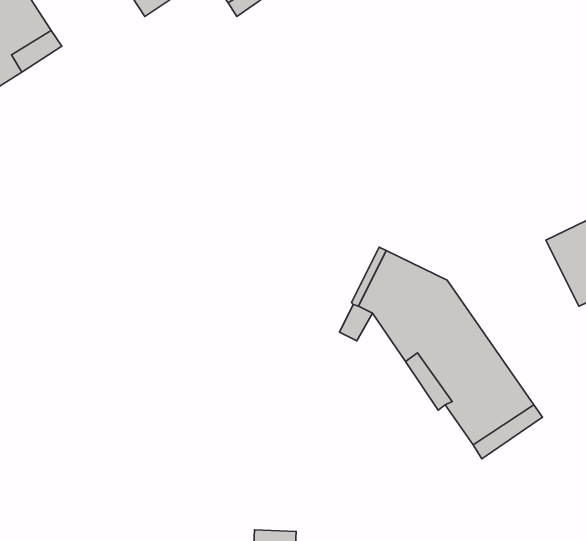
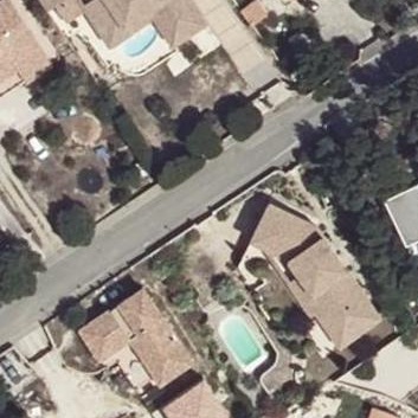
building: none -> [77,288,192,386]

